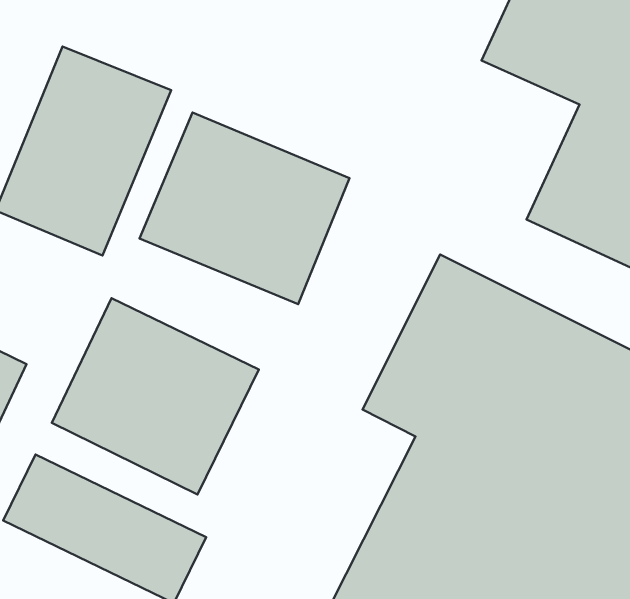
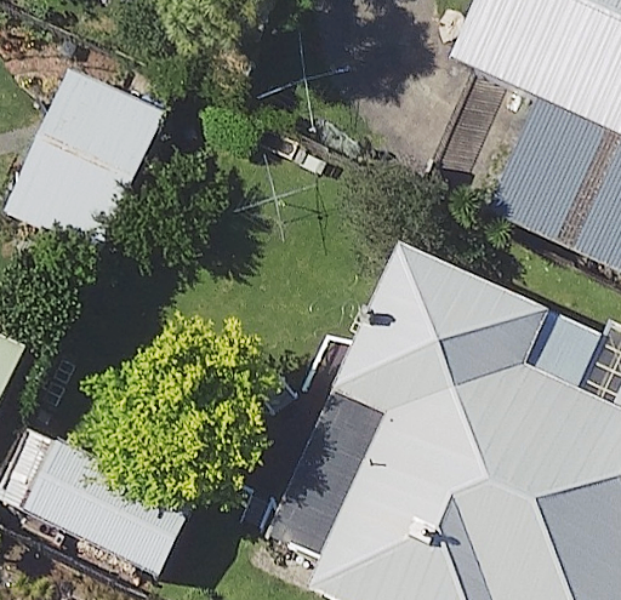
building: [139,112,349,304] -> none
building: [52,298,259,494] -> none

